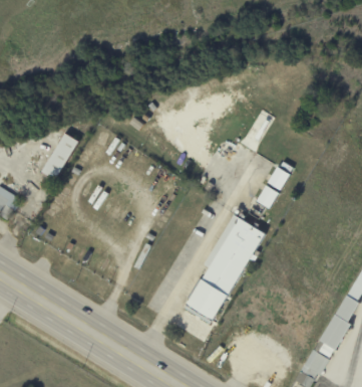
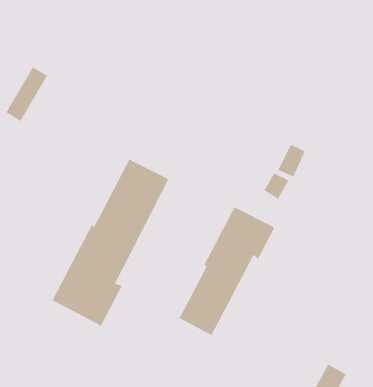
building: [42,132,78,179] -> [6,66,48,122]
building: none -> [52,159,169,327]

